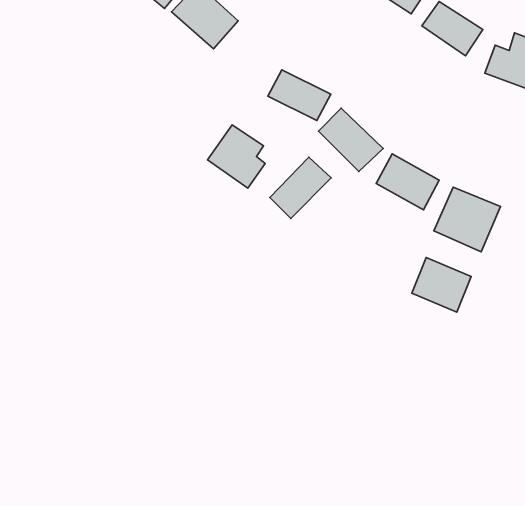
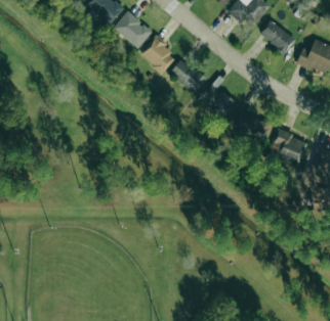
building: [208,125,265,188] -> [140,37,174,74]
building: [270,157,331,218] -> none
building: [412,258,471,312] -> none

